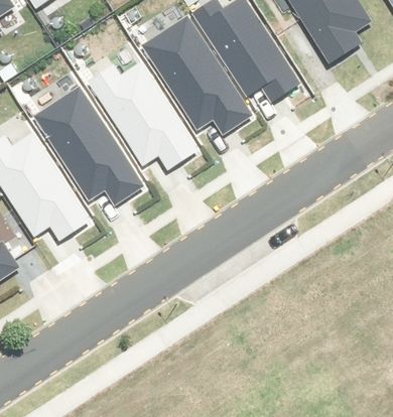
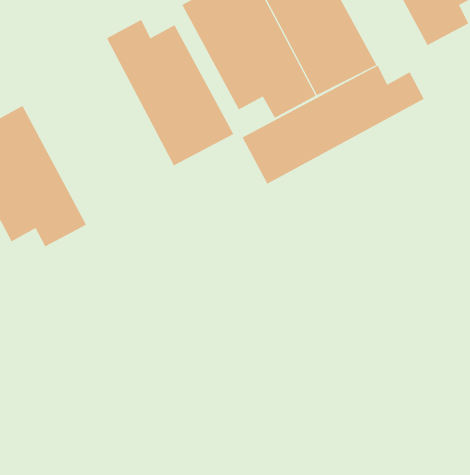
building: [44,80,150,190] -> none
building: none -> [242,65,424,184]

